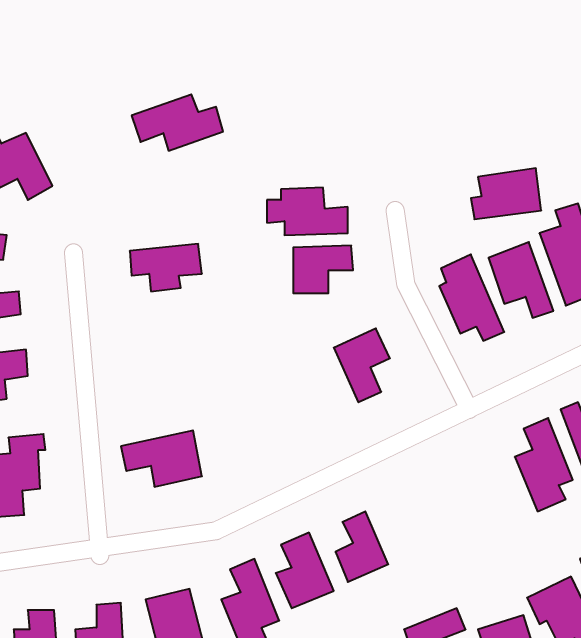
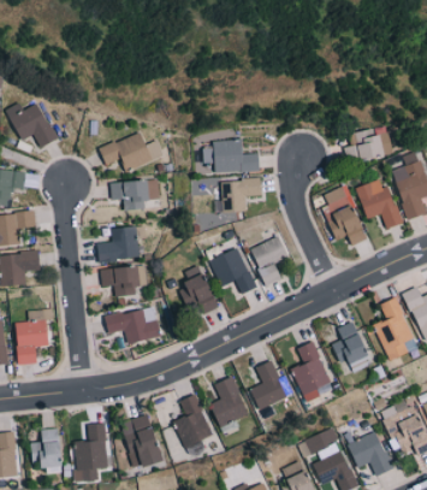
building: [132,94,223,151] -> [101,132,164,171]
building: none -> [97,226,138,260]
building: none -> [209,248,256,295]
building: none -> [101,264,148,297]
building: none -> [179,265,219,314]
building: none -> [332,321,372,368]
building: none -> [291,342,334,402]

